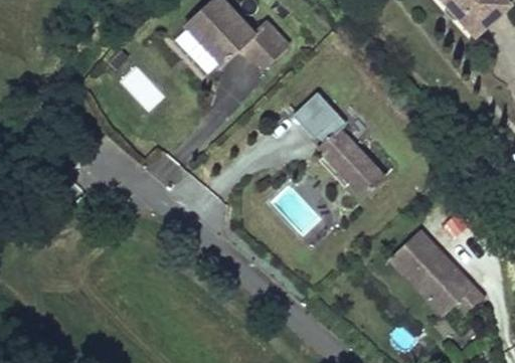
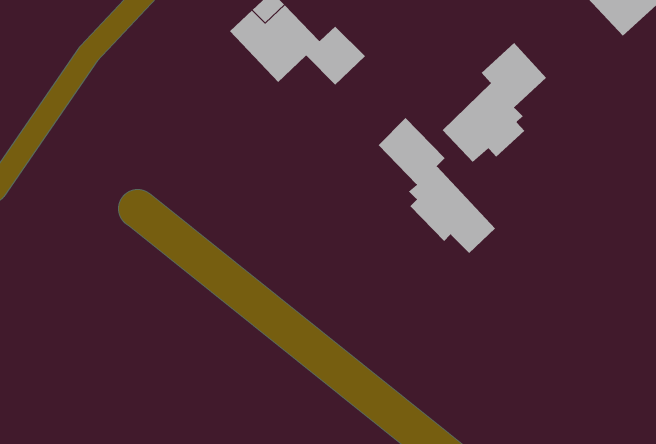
building: none -> [442,42,547,163]
building: [388,224,485,312] -> none

